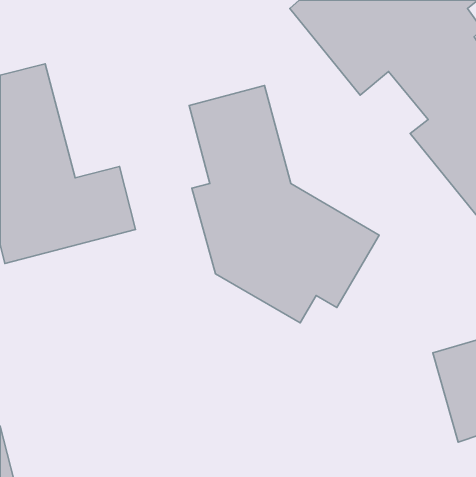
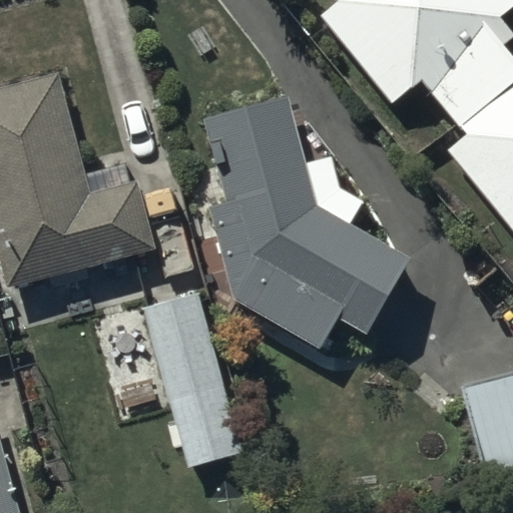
building: none -> [143,293,240,465]

